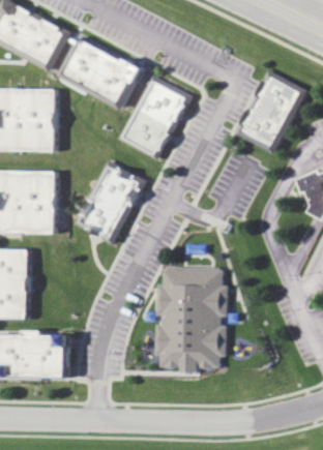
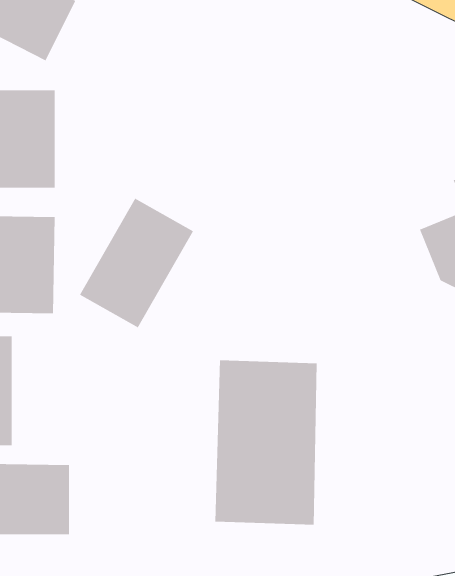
building: [58,35,143,109] -> none
building: [236,73,302,151] -> none
building: [117,76,190,159] -> none

